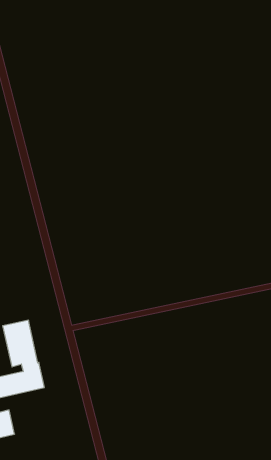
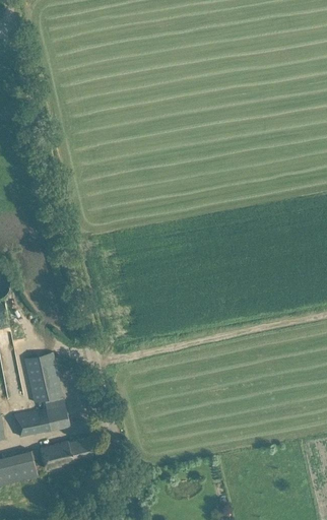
building: none -> [41,437,93,469]

